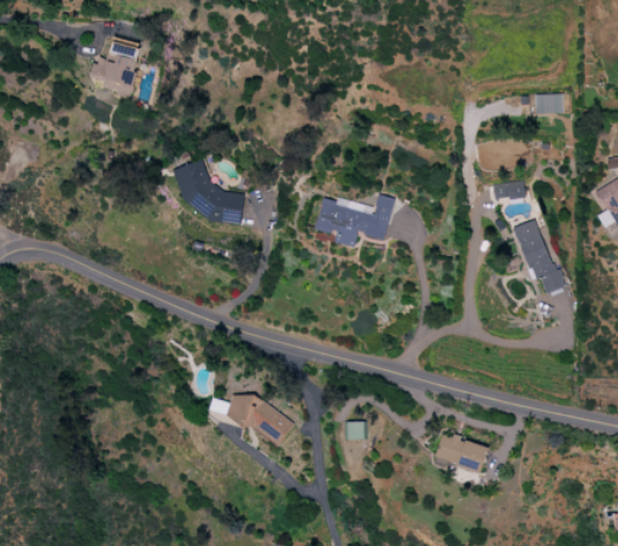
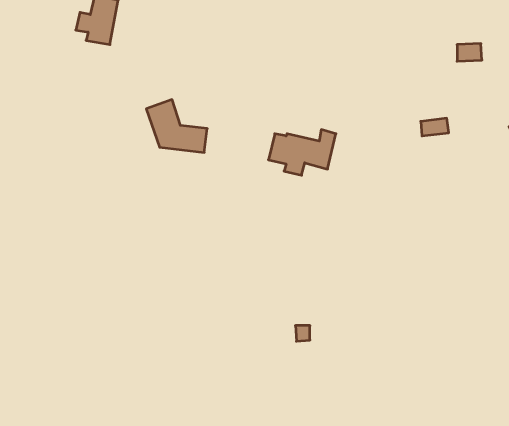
building: [515,219,561,295] -> none
building: [211,388,293,447] -> none
building: [435,432,489,472] -> none

